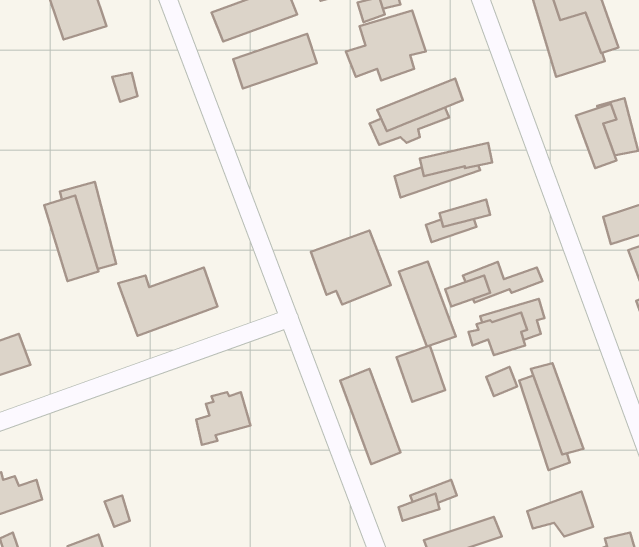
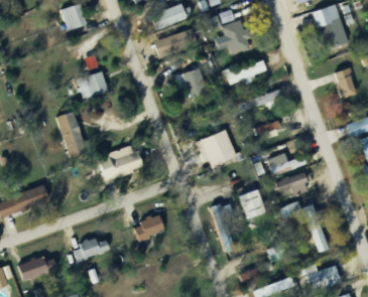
building: none -> [178,67,214,98]
building: none -> [80,71,109,101]
building: [399,262,456,346] -> none
building: none -> [75,238,108,260]

